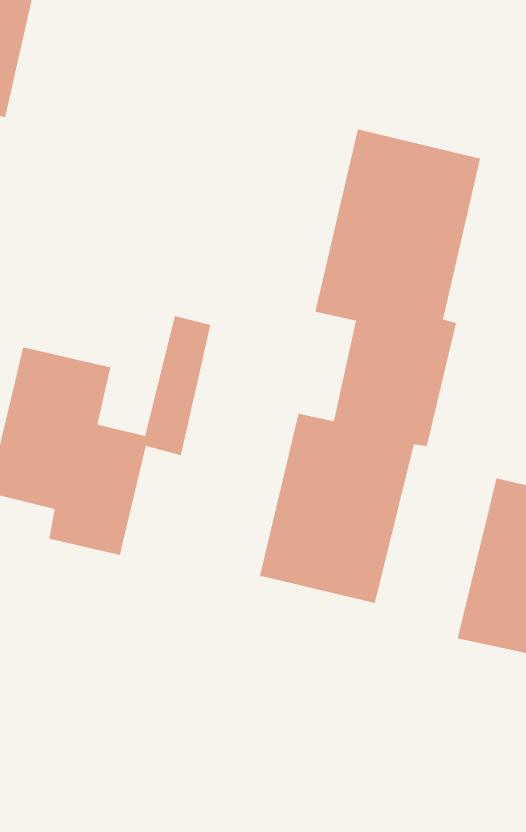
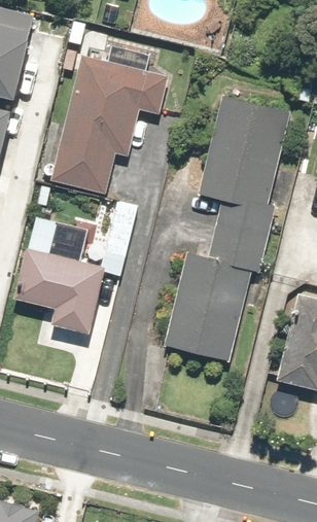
building: none -> [55,38,163,189]

